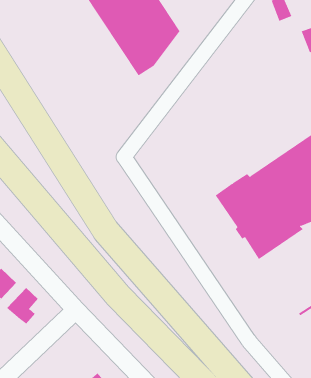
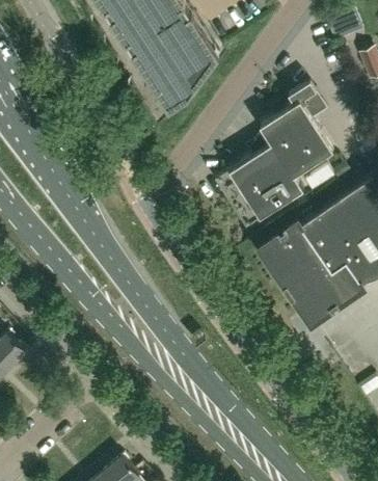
building: none -> [215,81,333,226]
building: [6,287,38,324] -> none

